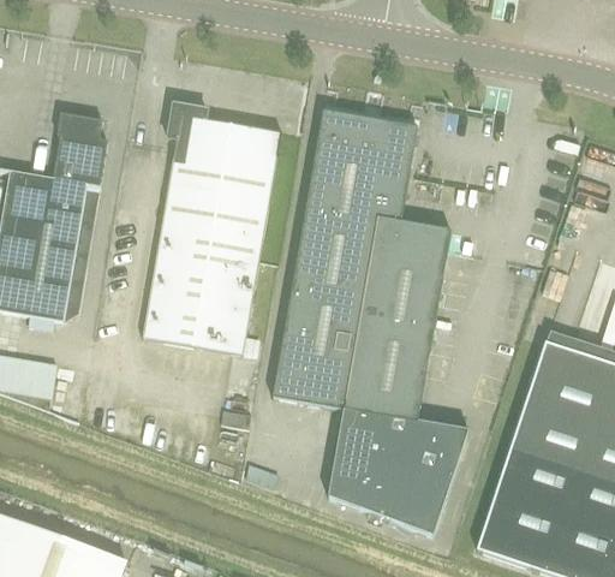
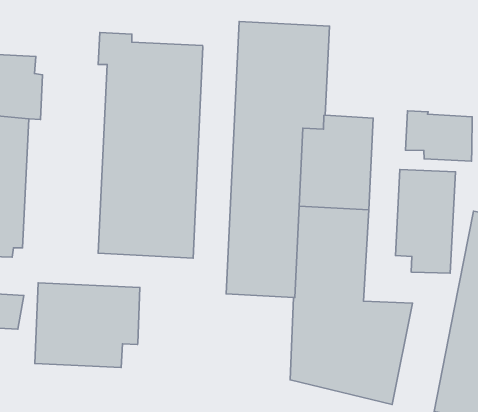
building: none -> [406,111,472,161]
building: none -> [396,169,455,273]
building: none -> [35,283,140,368]

